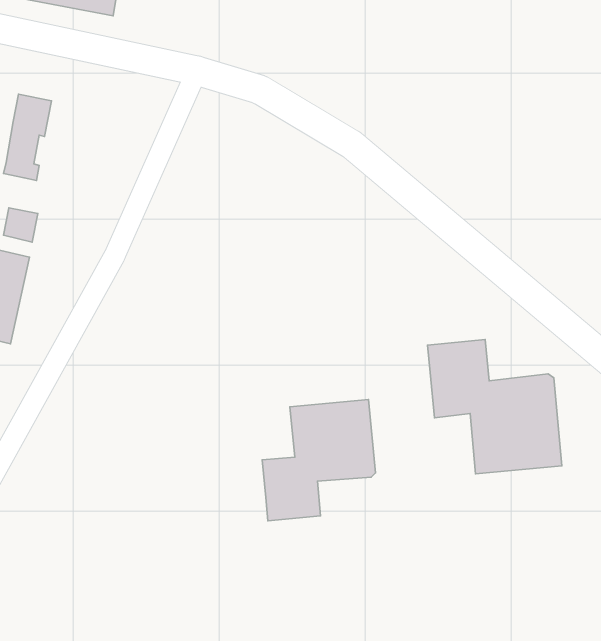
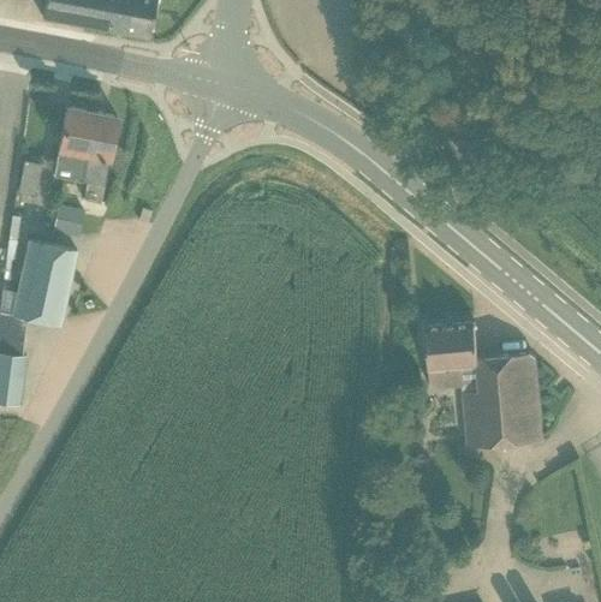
building: none -> [79,113,117,204]
building: [262,399,375,521] -> none

